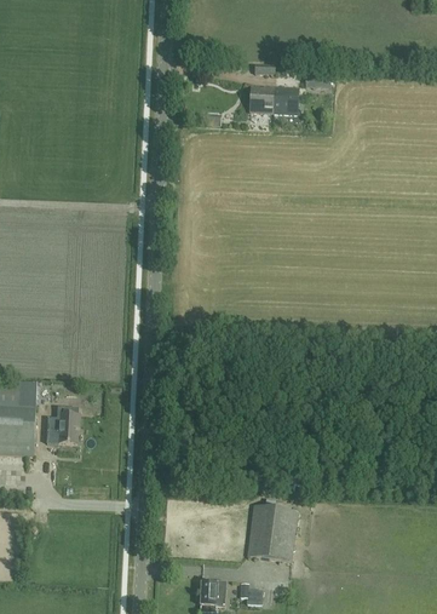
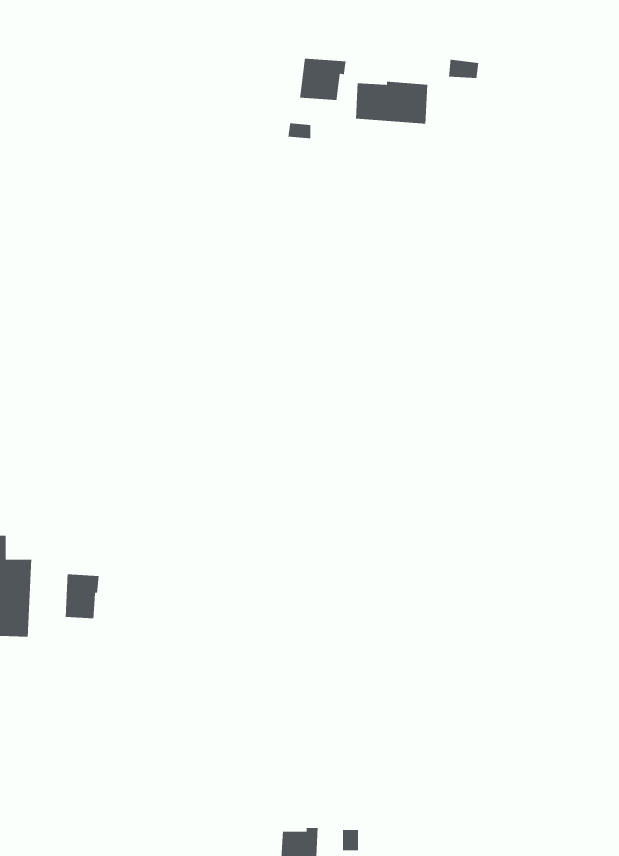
building: none -> [299,58,346,101]
building: [247,505,297,562] -> none

